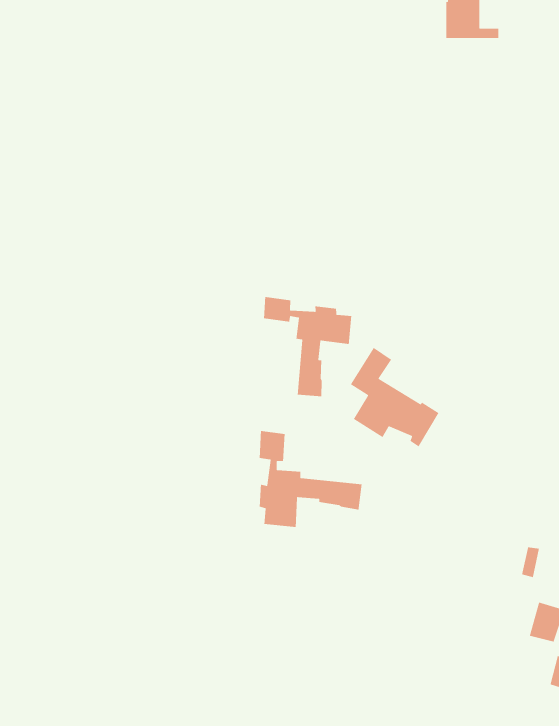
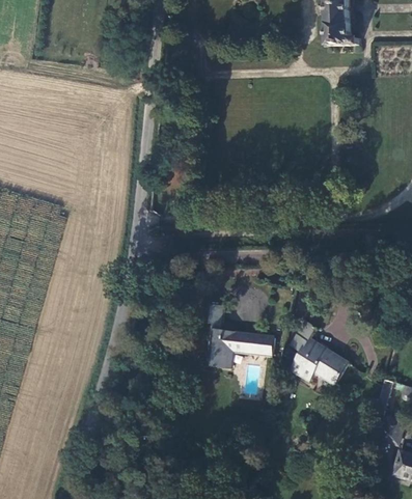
building: [263,296,352,397] -> none
building: [350,347,439,448] -> [286,320,346,386]

